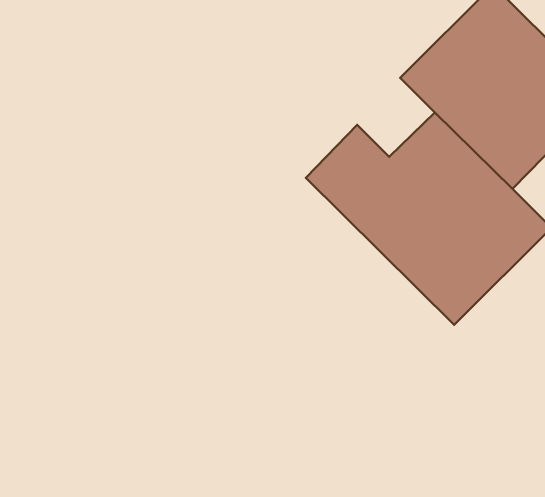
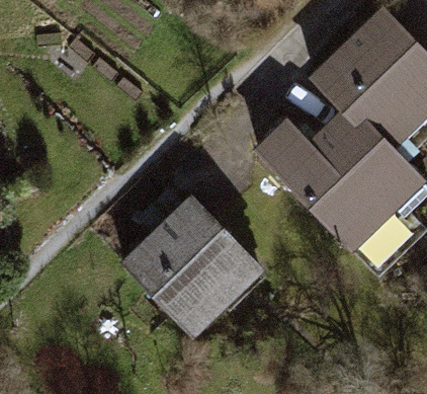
building: none -> [117,196,262,340]

